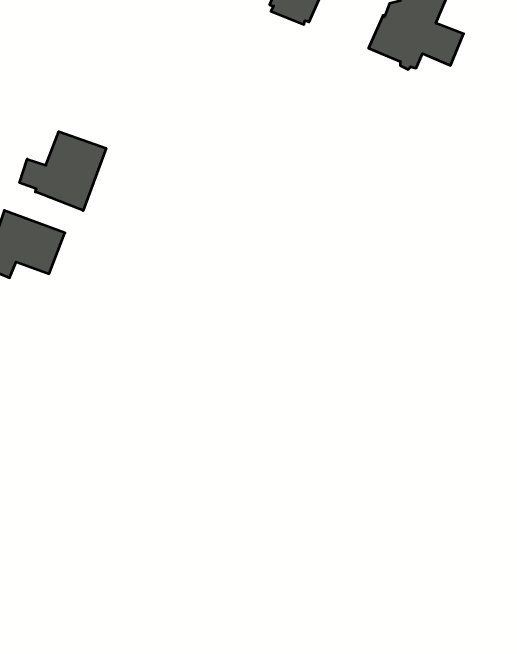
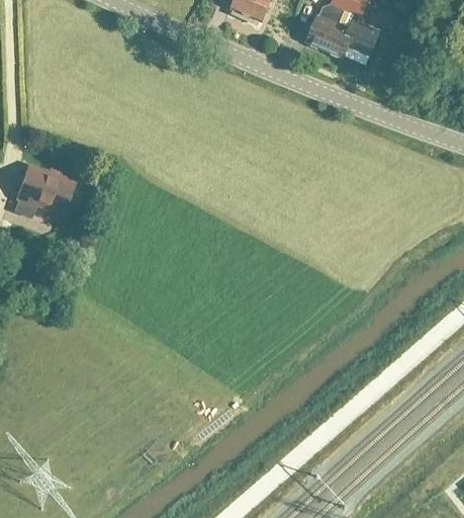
building: [20,132,106,211] -> none

